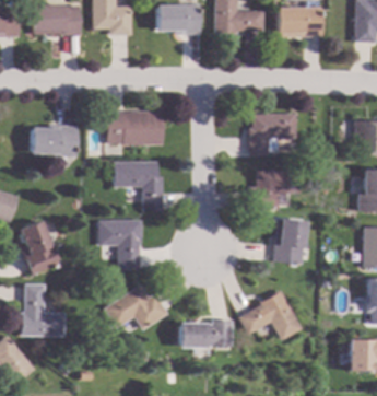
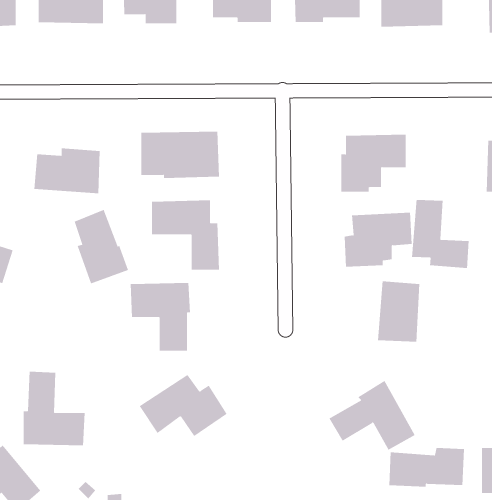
building: none -> [412,199,469,269]
building: [20,221,59,275] -> [74,209,129,284]
building: [179,319,234,348] -> [388,447,465,487]

